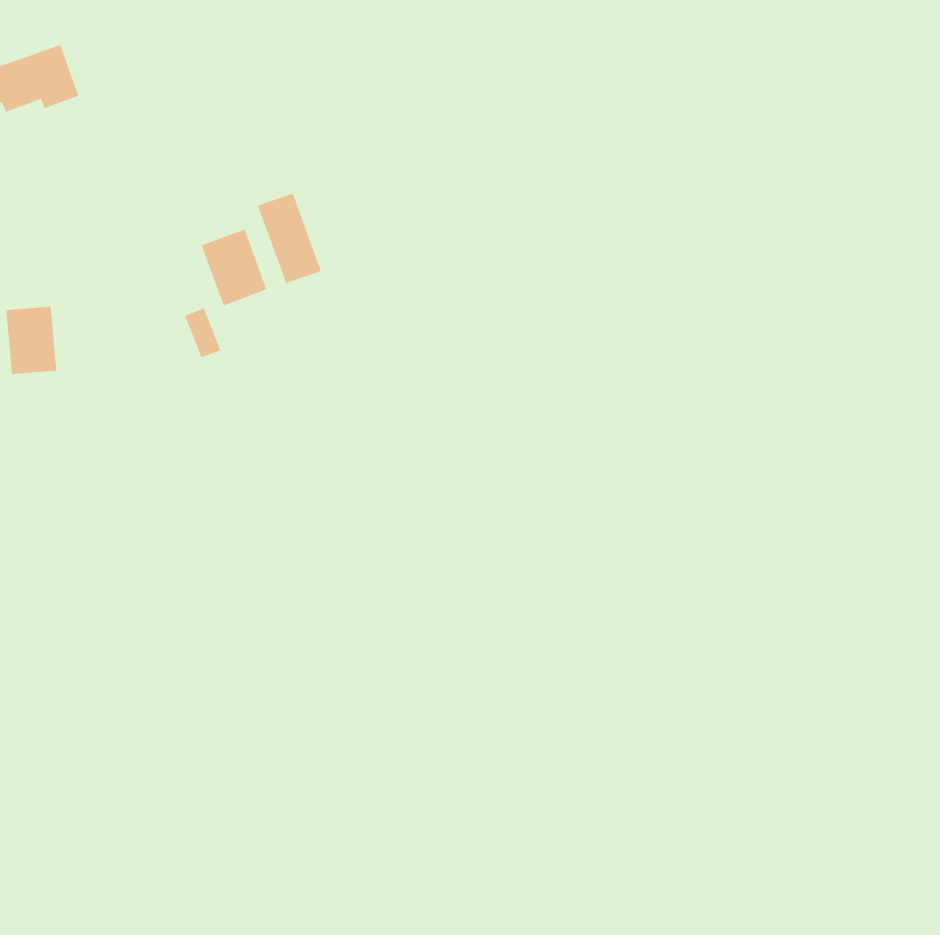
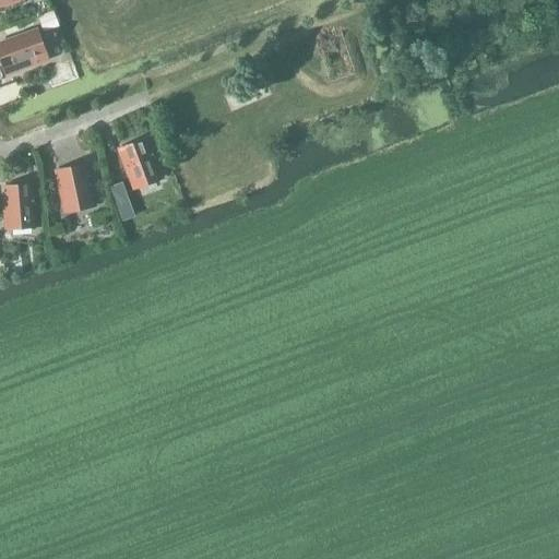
building: [257,193,322,284] -> none
building: none -> [57,166,92,209]

